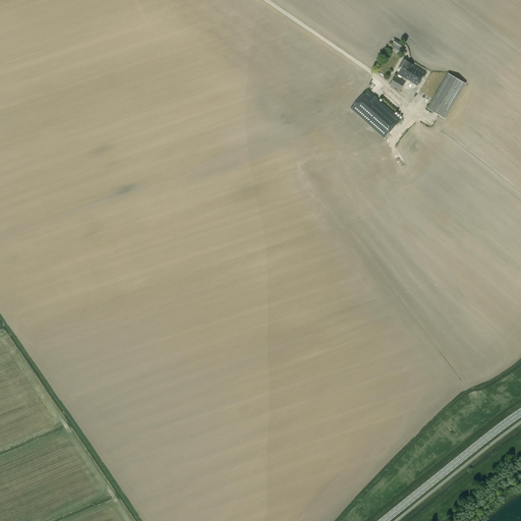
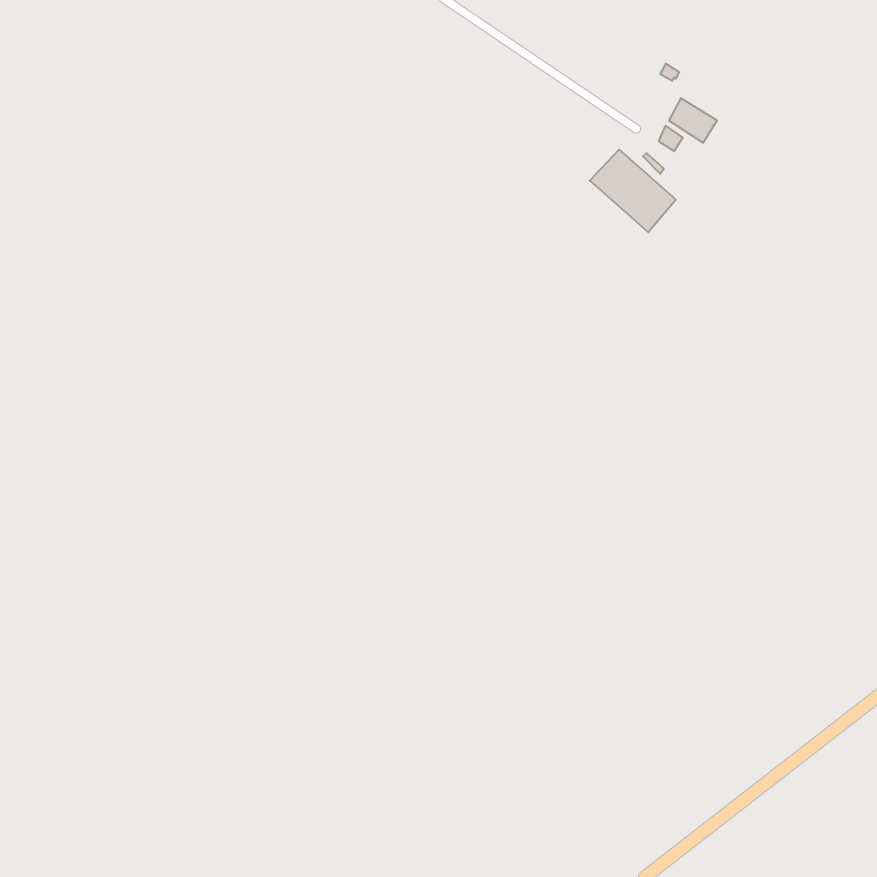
building: [426,72,465,118] -> none

